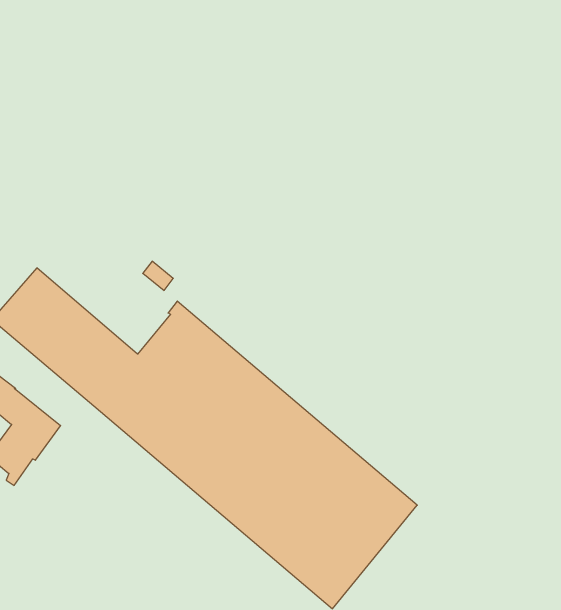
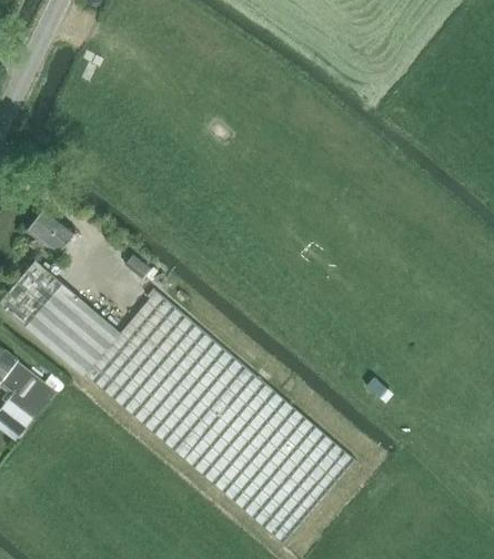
building: none -> [27,206,77,255]

